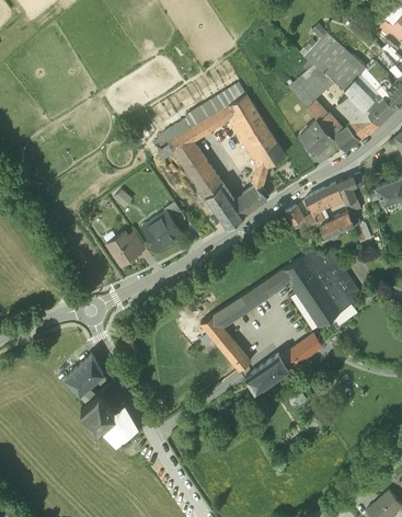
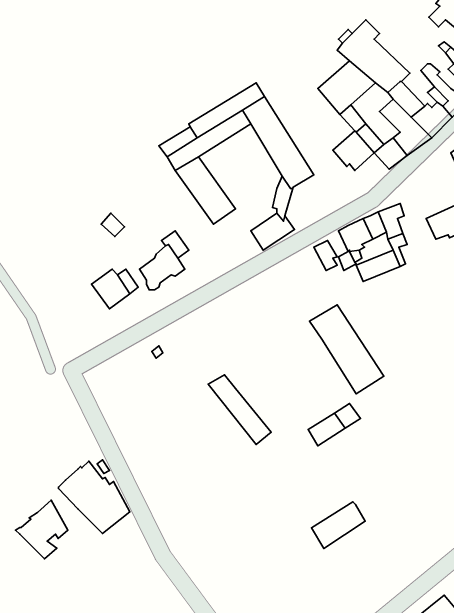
building: [205,183,244,228] -> none
building: [303,248,360,317] -> none
building: [214,273,291,326] -> none
building: [64,353,105,400] -> [16,500,68,559]
building: [245,357,288,394] -> [312,502,365,548]

